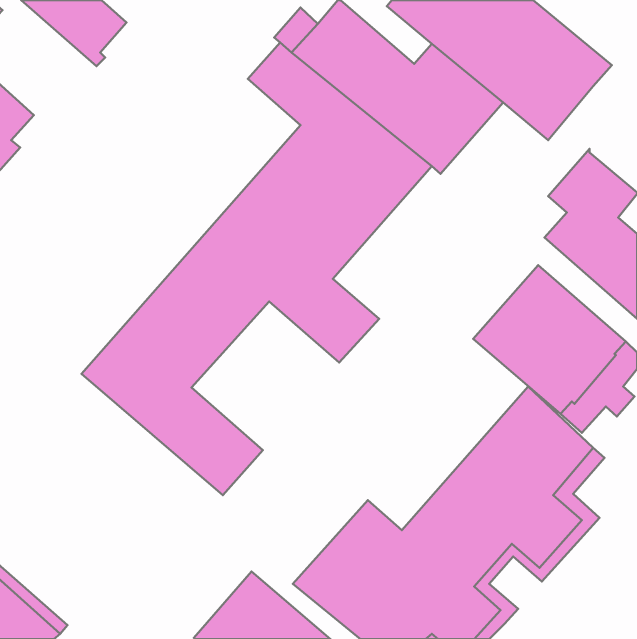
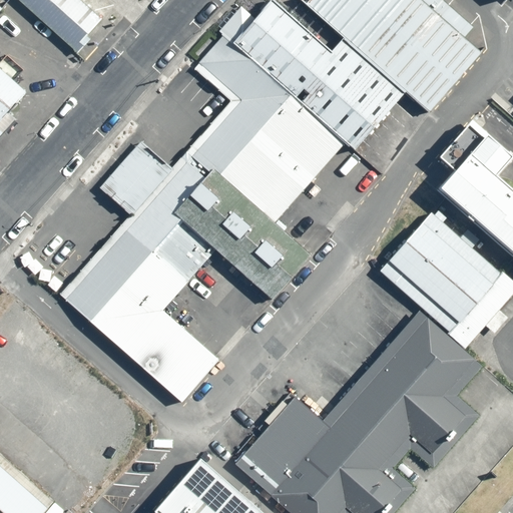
building: none -> [59,63,240,300]

